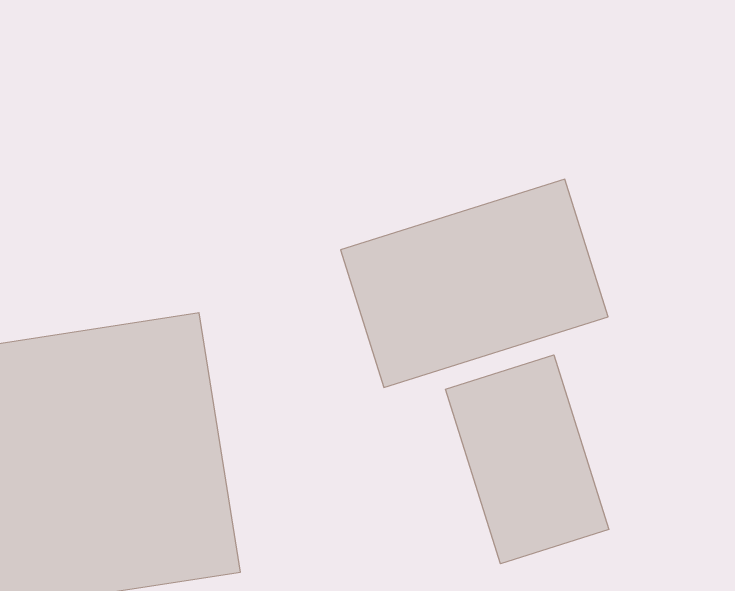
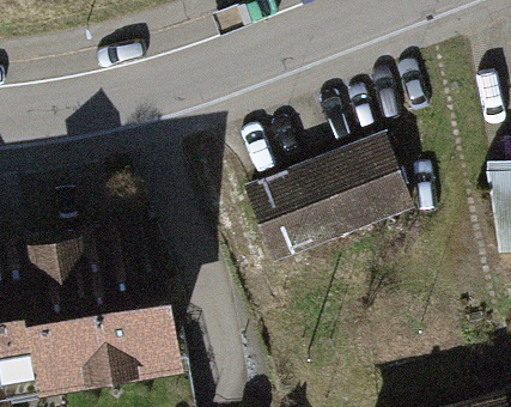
building: [445,355,609,564] -> none

